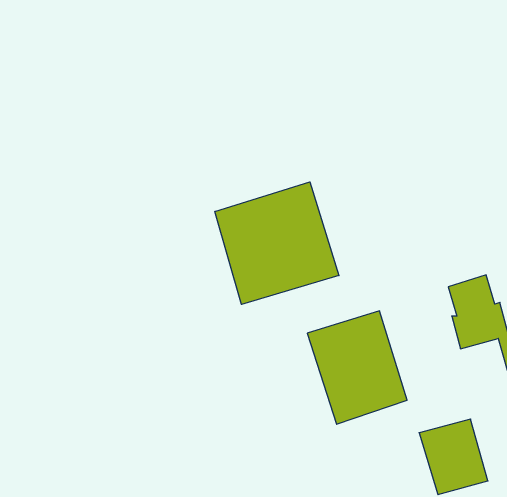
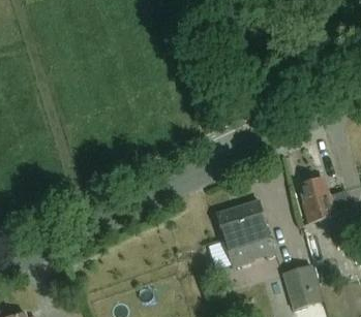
building: [215,182,339,304] -> none

